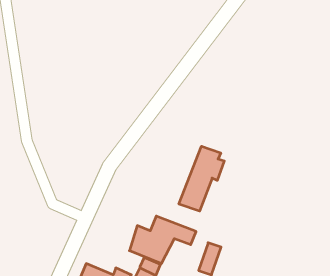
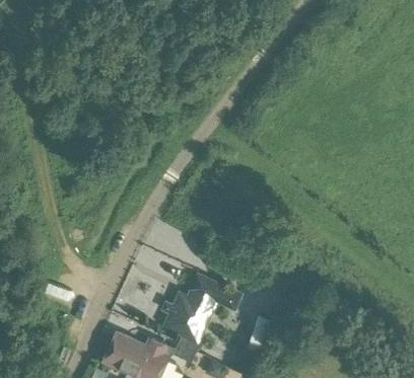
building: [179,146,224,211] -> none

